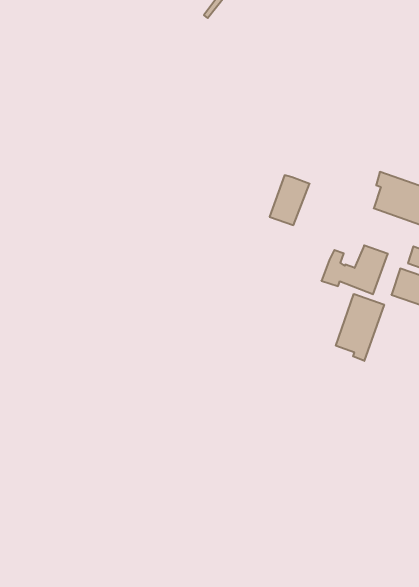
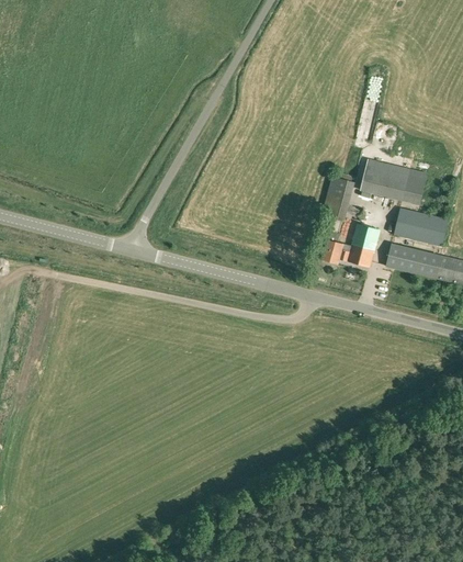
building: [270,175,310,225] -> [321,176,354,220]
building: [336,294,384,361] -> none

